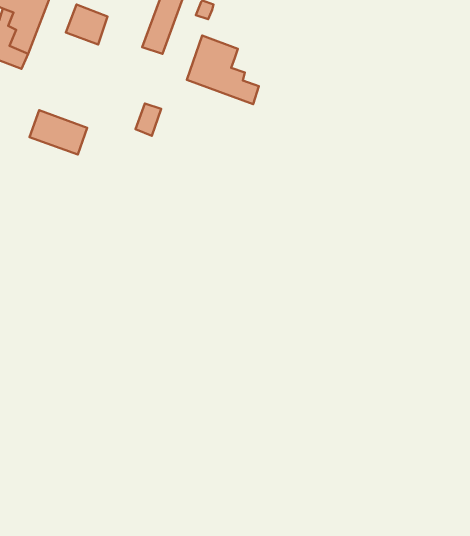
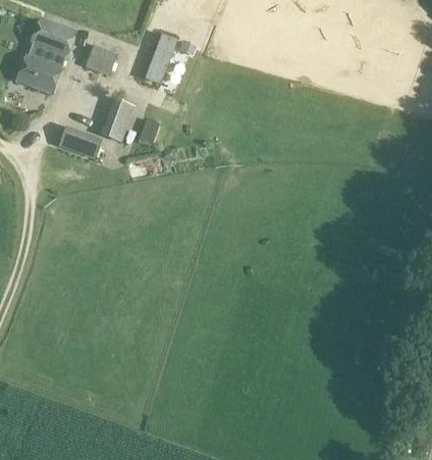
building: [187,36,259,104] -> none
building: none -> [100,99,134,144]

